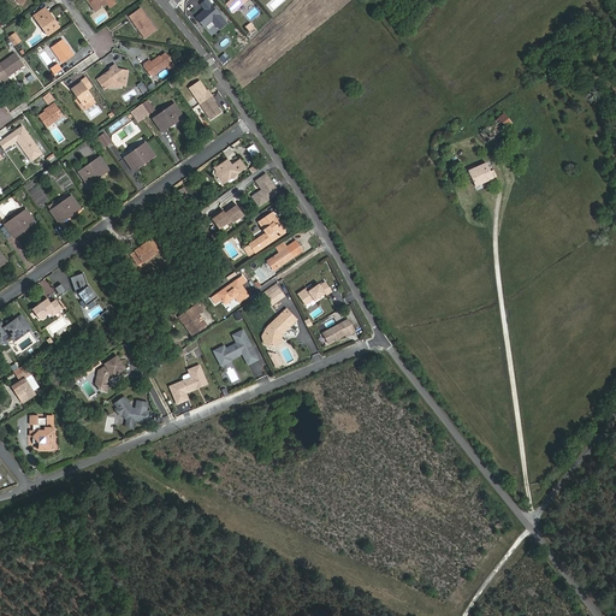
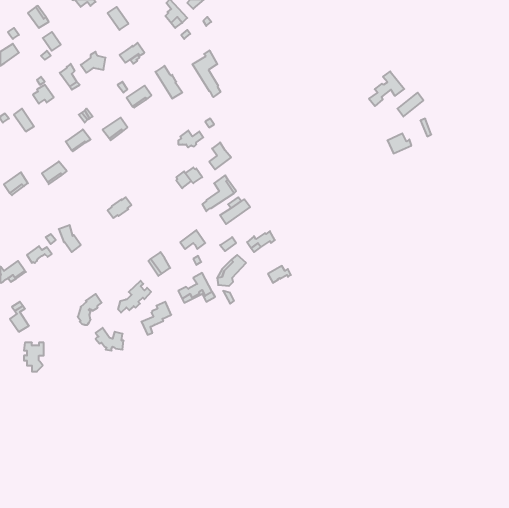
building: none -> [192,50,220,97]
building: none -> [369,71,404,106]
building: none -> [118,281,151,313]

